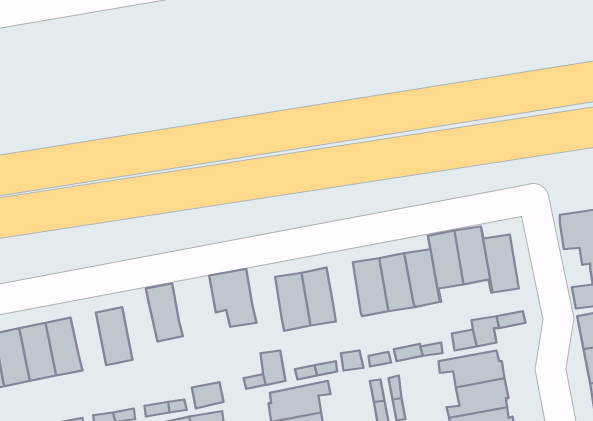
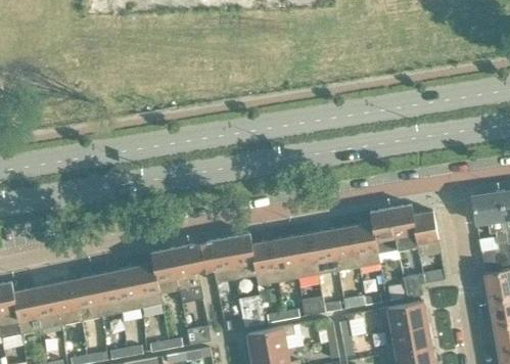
building: none -> [290,232,318,278]
building: none -> [228,233,256,279]
building: none -> [171,242,204,303]
building: none -> [132,263,161,308]
building: none -> [92,271,120,316]

